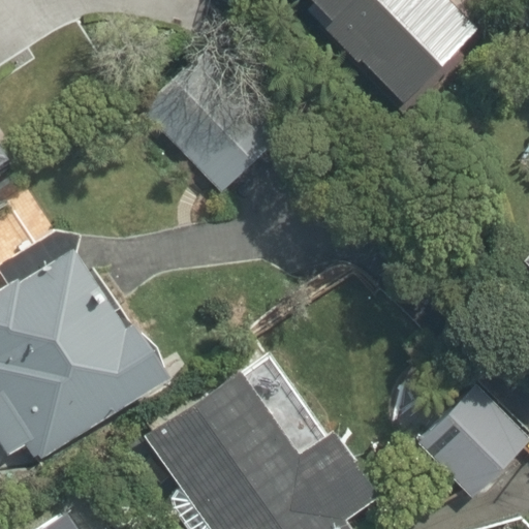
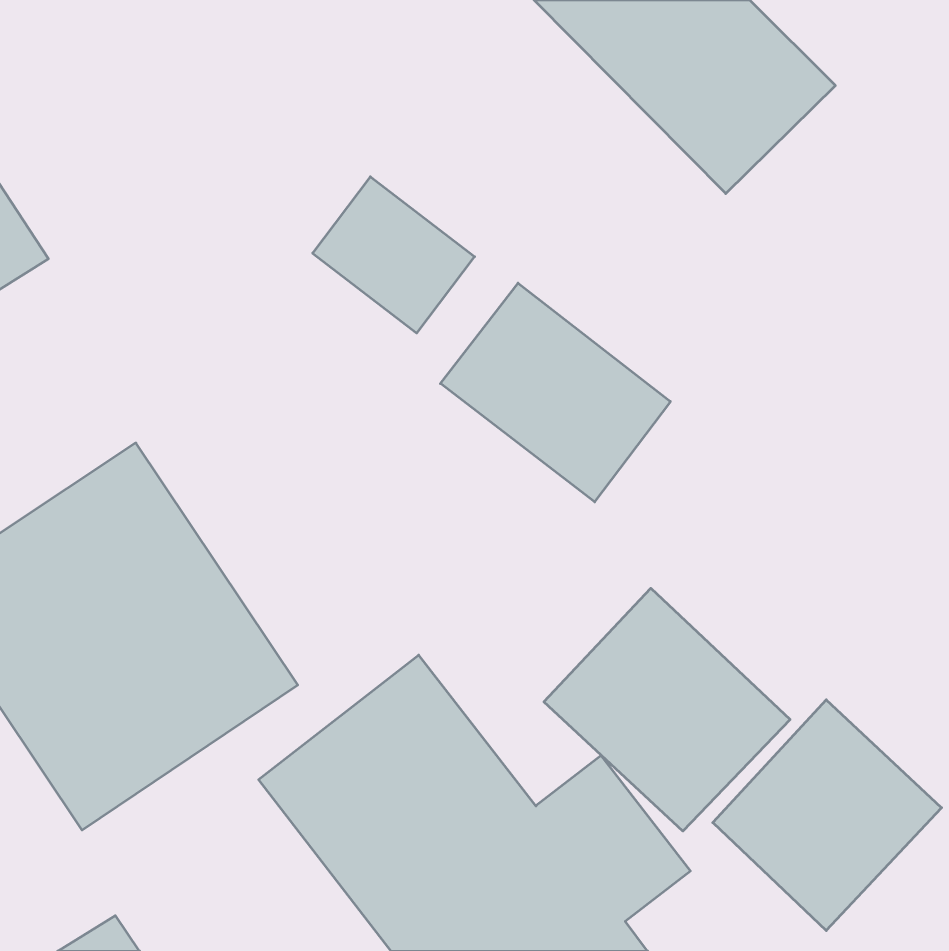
building: none -> [440,283,670,502]
building: none -> [544,588,790,831]

